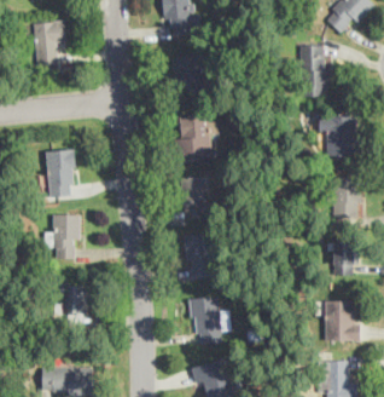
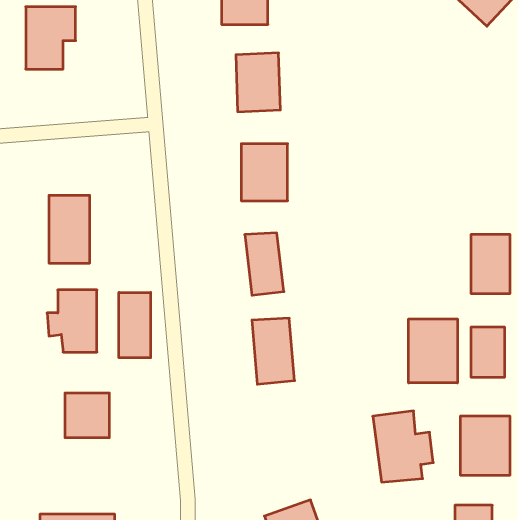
building: [299,45,328,98] -> none
building: [326,116,360,157] -> none
building: none -> [119,292,151,358]
building: none -> [409,319,457,383]
building: [190,297,231,345] -> [373,411,433,482]

